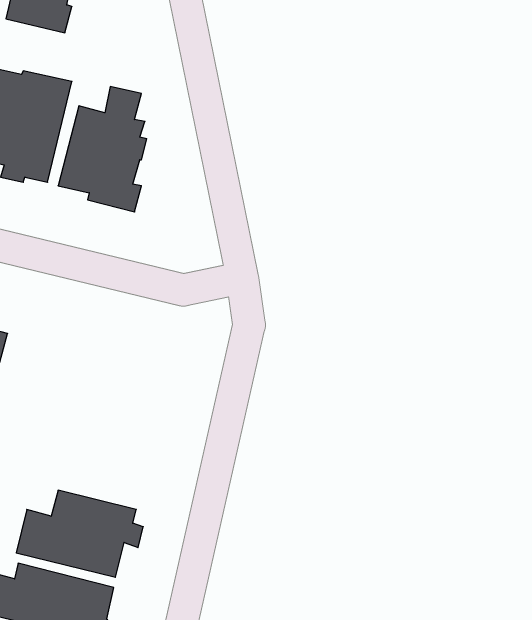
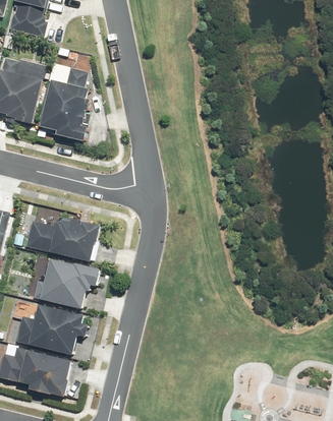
building: none -> [23,217,100,261]
building: none -> [31,258,99,309]

